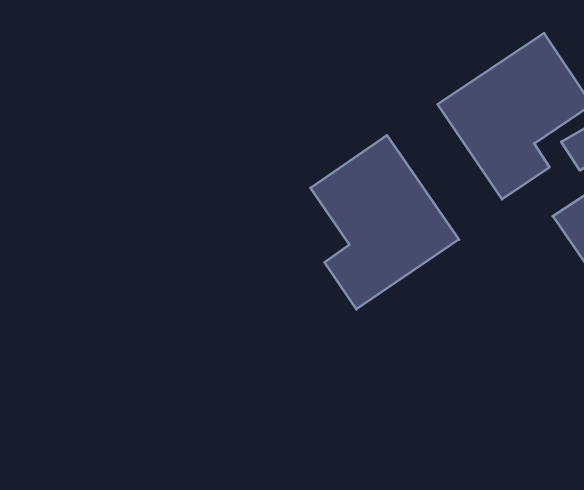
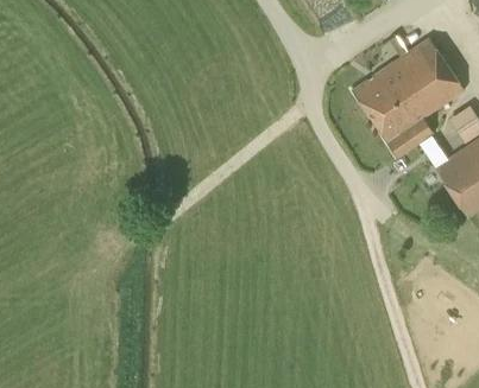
building: [311,135,459,309] -> none

